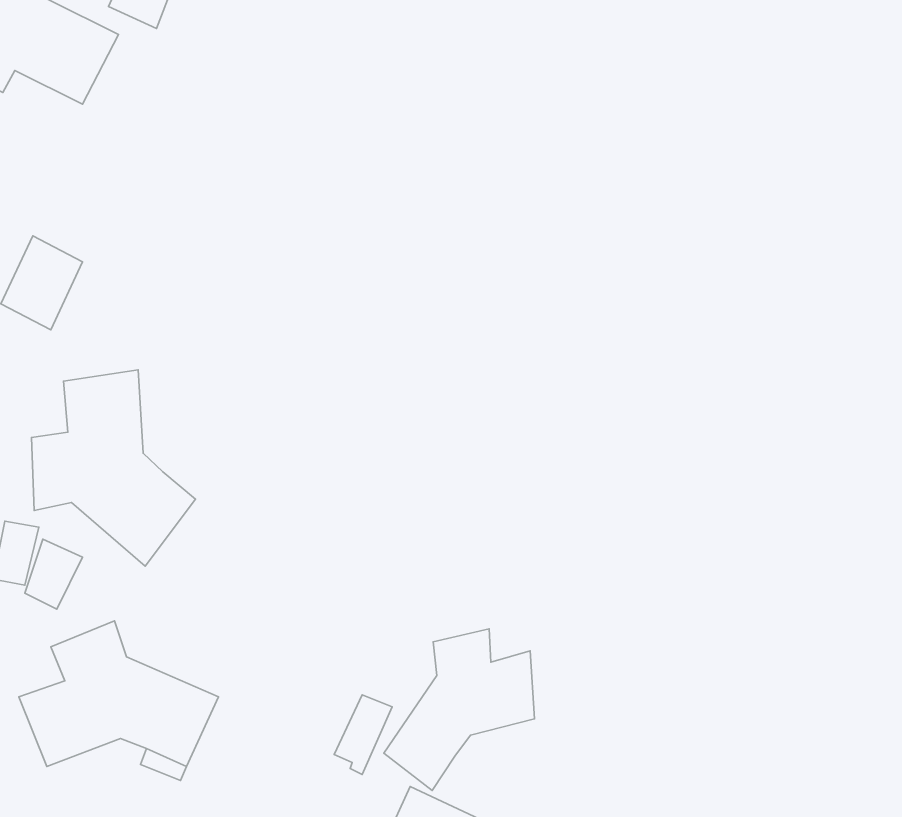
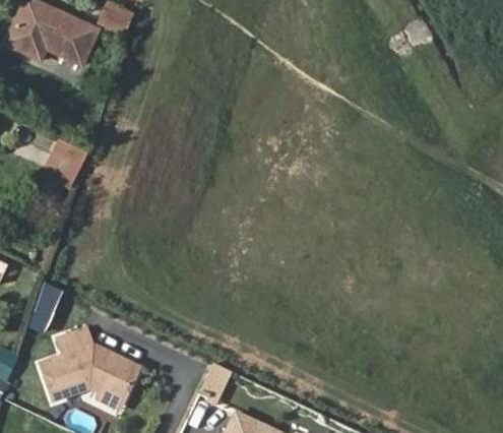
building: [31,370,195,566] -> none
building: [384,629,534,790] -> none

